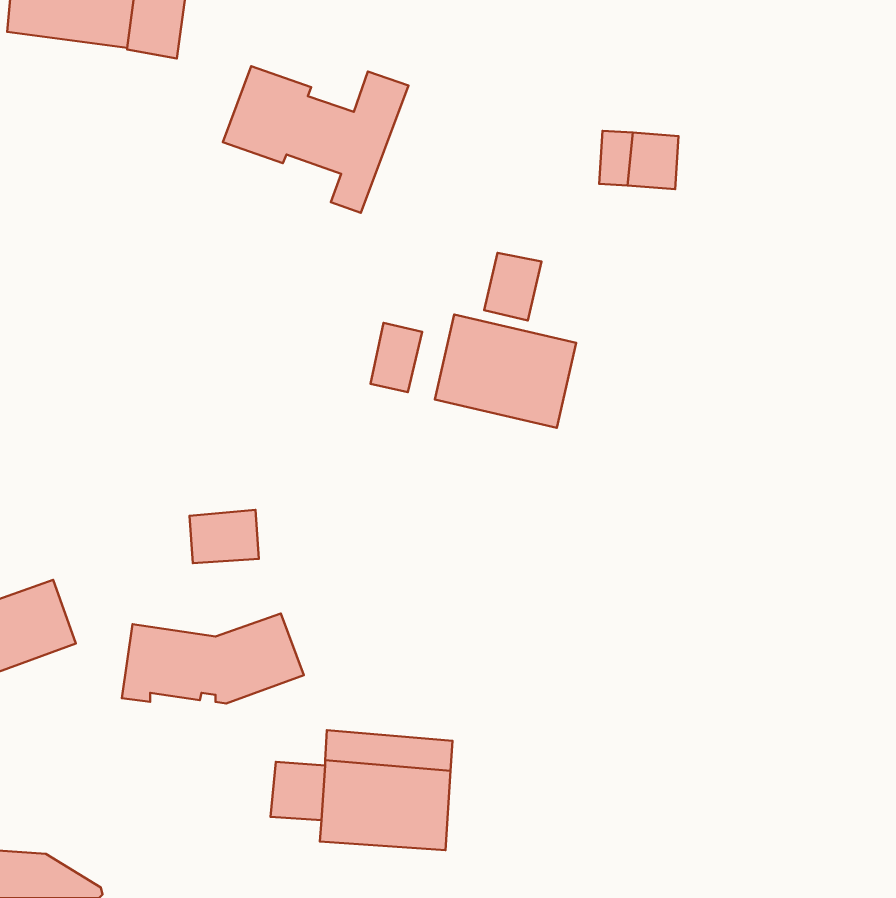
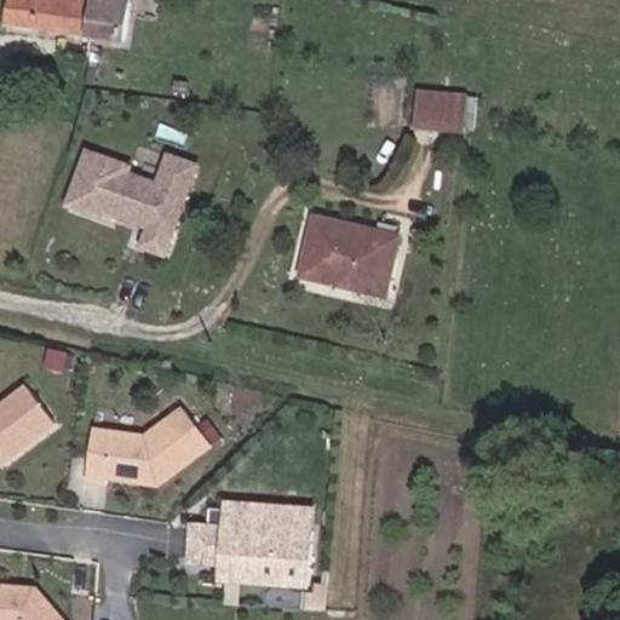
building: [223,66,408,213] -> [65,150,193,251]
building: [484,253,542,321] -> none
building: [371,323,422,392] -> none
building: [189,510,259,563] -> none

